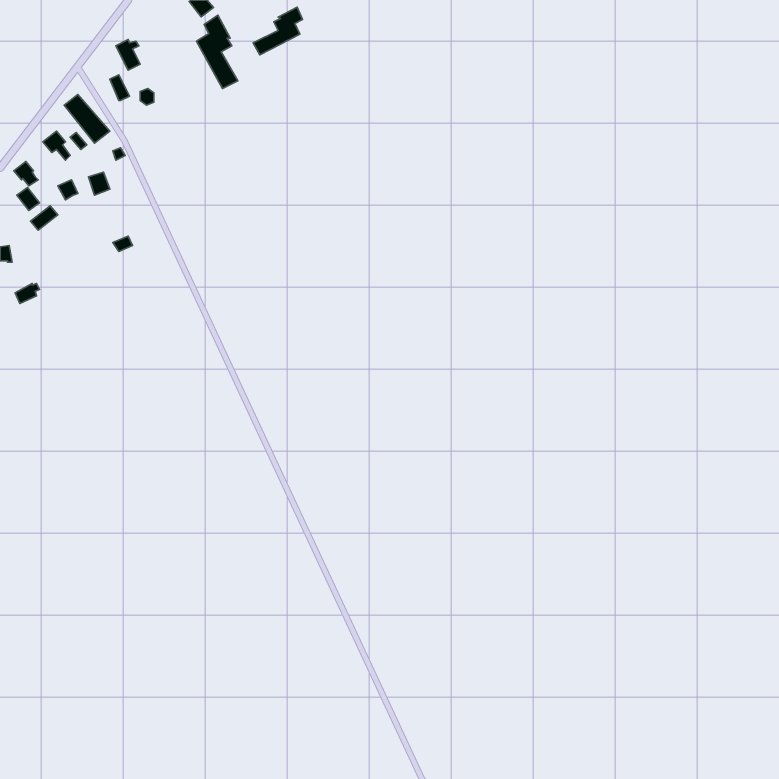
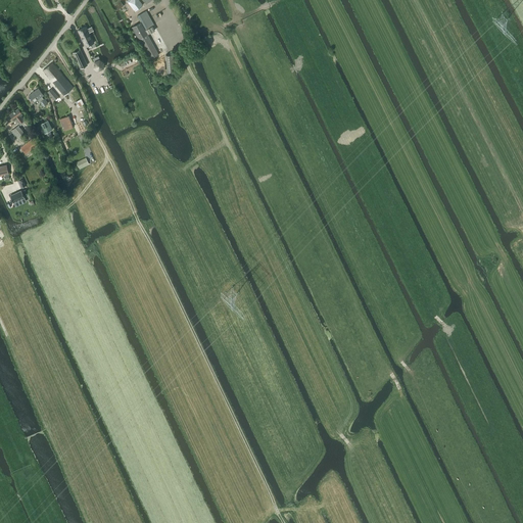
building: [253,7,302,55] -> none

